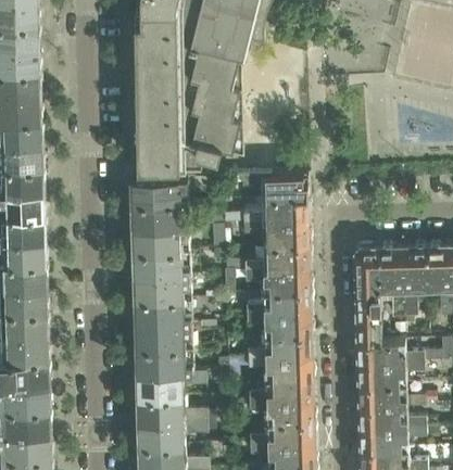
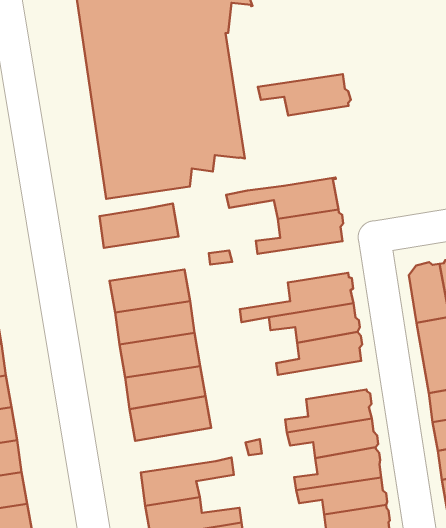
building: [130,202,188,228] -> none
building: [243,221,311,246] -> [258,74,351,115]
building: [247,312,313,334] -> none
building: [135,346,192,372] -> none

